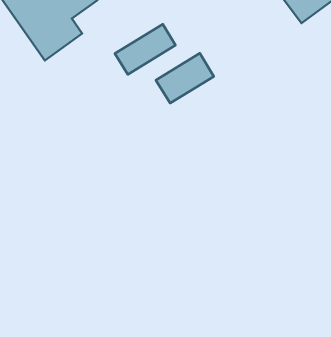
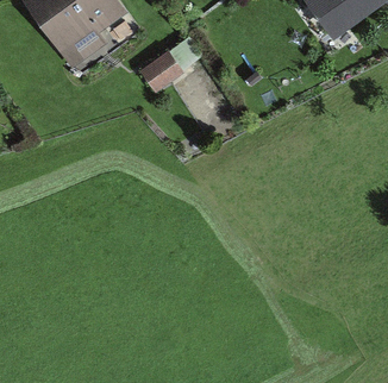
building: [156,53,214,103] -> none

